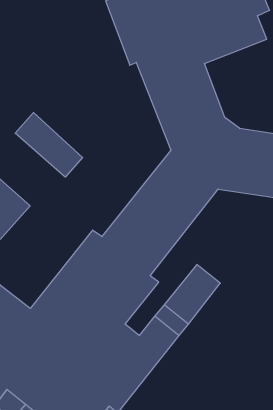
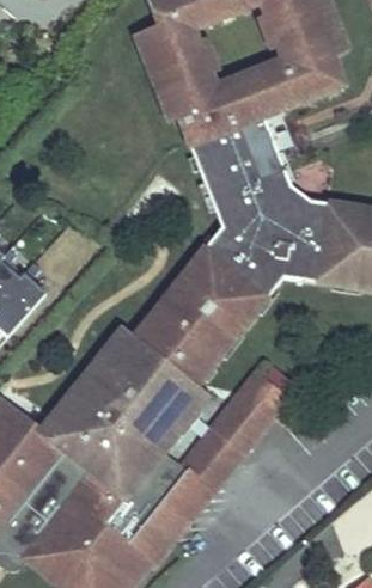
building: [15,113,83,177] -> none

